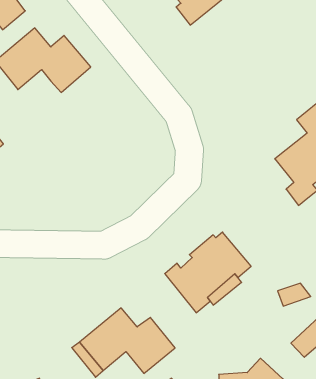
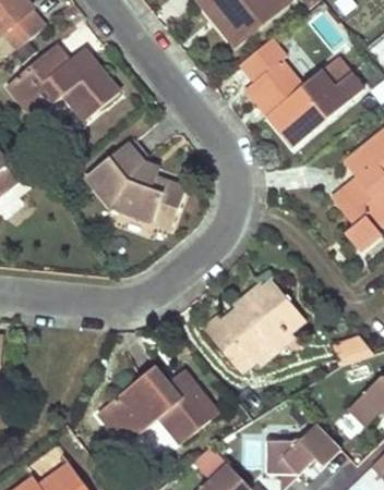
building: none -> [240,32,362,146]
building: none -> [85,142,183,226]

